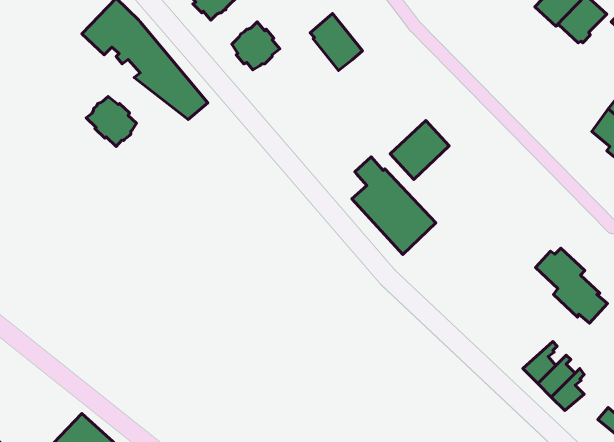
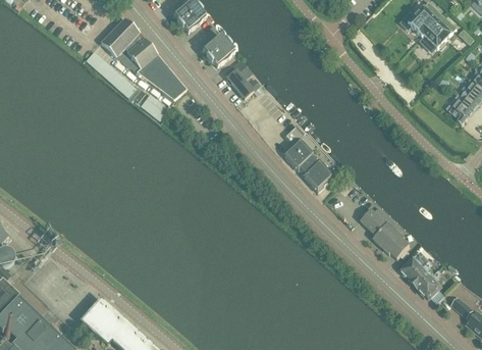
building: [310,13,363,70] -> [224,59,260,98]
building: [86,97,136,146] -> none
building: [390,120,449,179] -> none
building: [535,248,607,323] -> [361,207,410,258]

